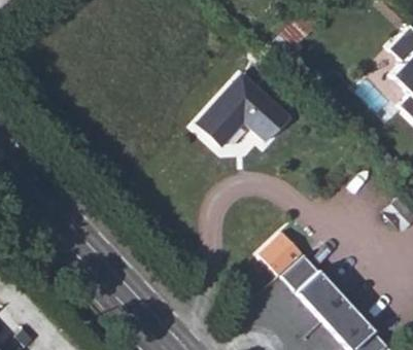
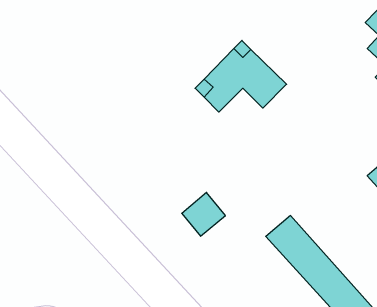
building: [256,230,302,275] -> [182,192,225,236]

